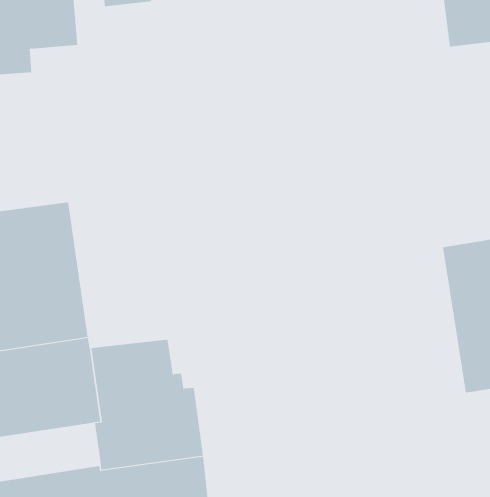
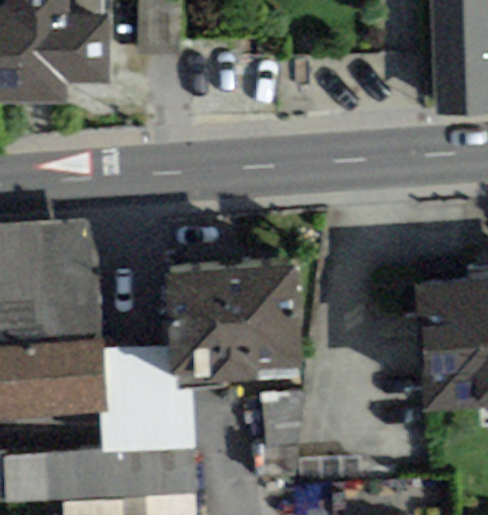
building: none -> [164,262,303,387]

